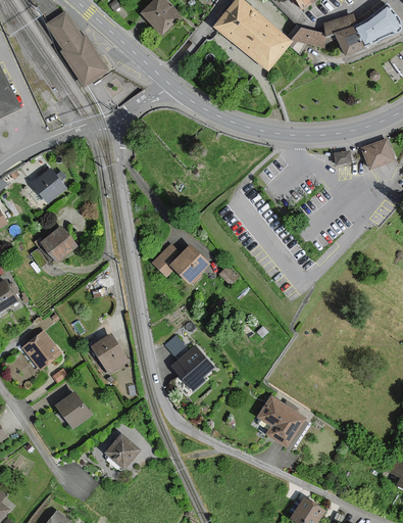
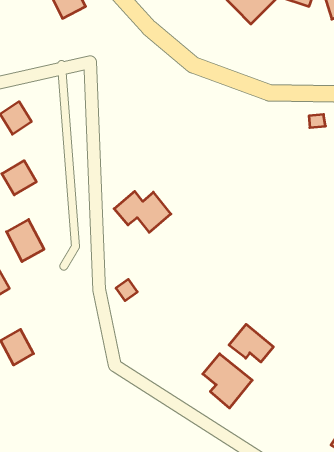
building: [91,332,130,374] -> [6,219,44,262]
building: [172,344,215,390] -> none
building: none -> [229,324,273,362]
building: [106,434,141,469] -> none

